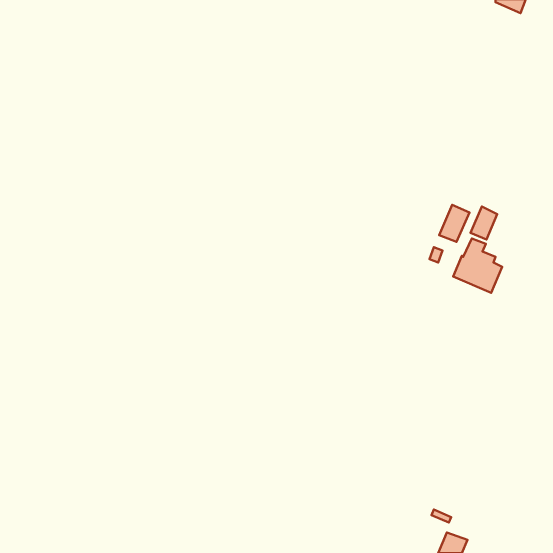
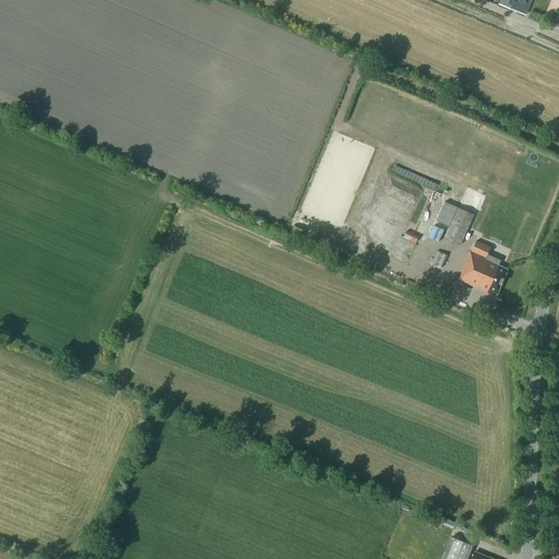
building: [471,207,497,240] -> none

